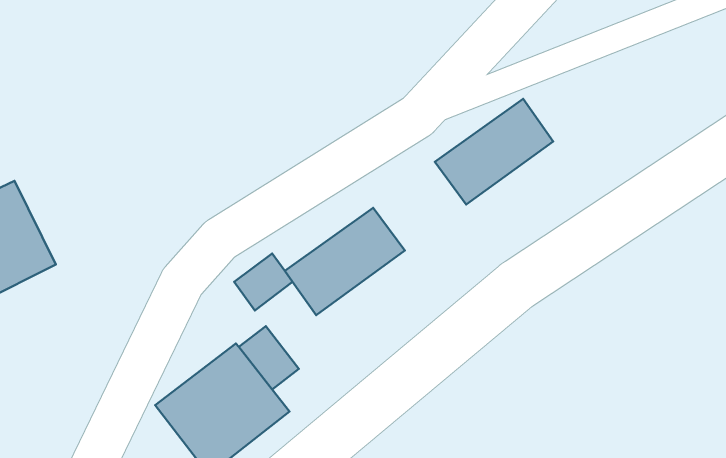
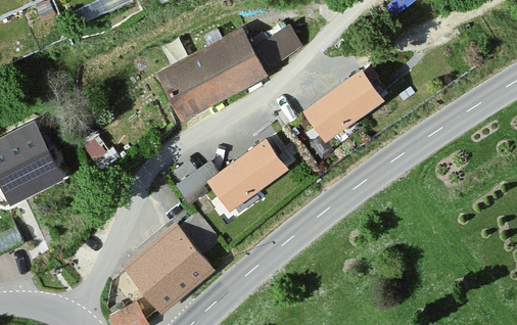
building: none -> [161,28,300,119]

